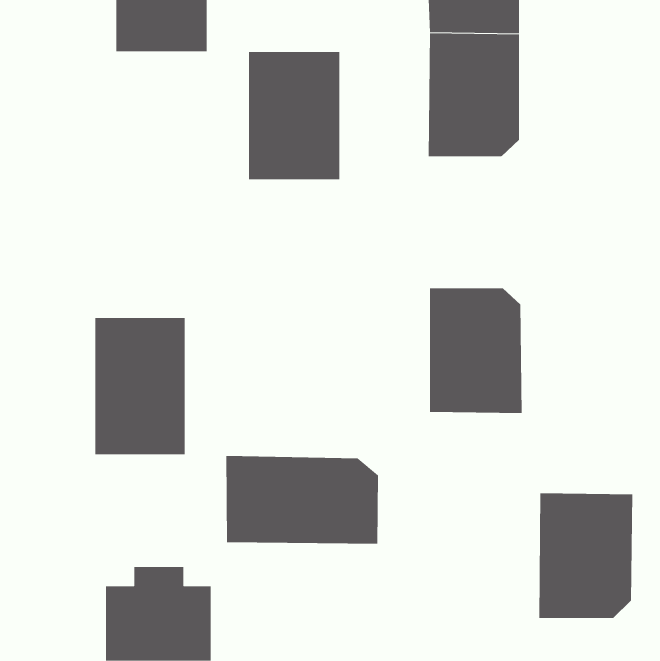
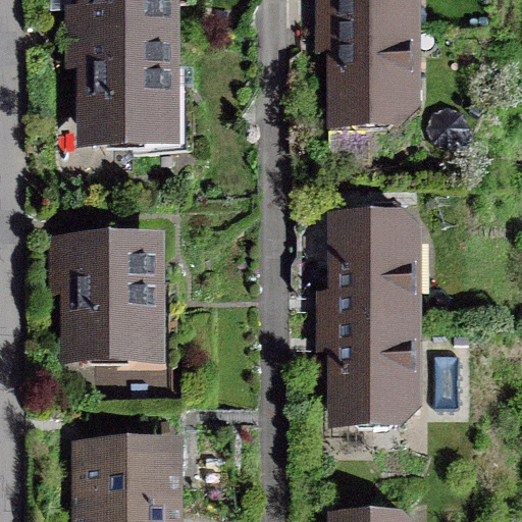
building: [248,51,340,180] -> [91,41,163,142]
building: [226,455,379,545] -> none
building: [538,493,633,619] -> [336,324,411,423]

